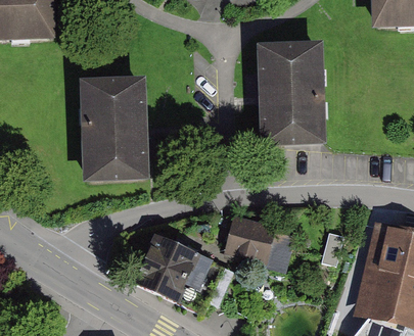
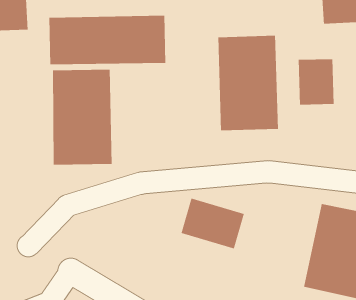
building: none -> [49,15,166,65]
building: none -> [298,58,335,105]
building: [133,235,218,309] -> none

